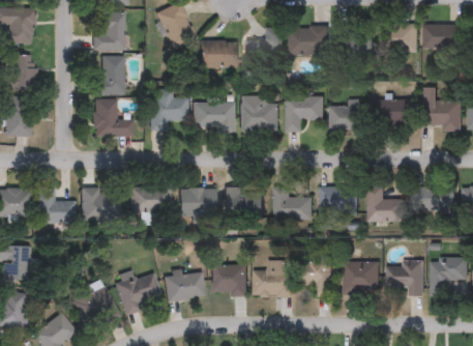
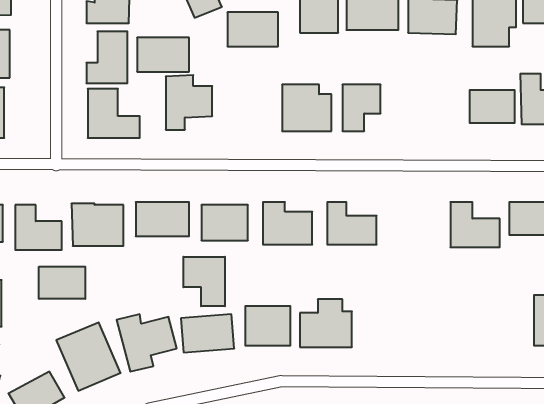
building: [195,104,234,129] -> [137,38,189,72]
building: [331,105,366,129] -> none
building: [319,185,357,213] -> none
building: none -> [183,257,225,306]
building: none -> [39,267,85,299]
building: [298,254,331,296] -> none
building: [344,260,379,292] -> none
building: [387,261,423,294] -> none

